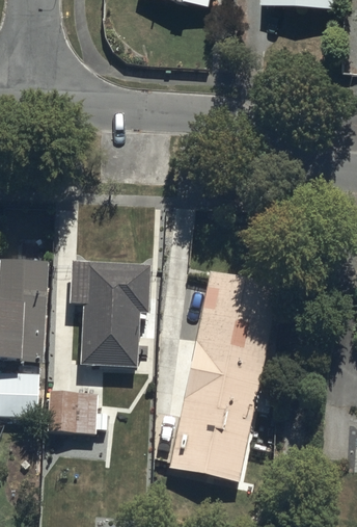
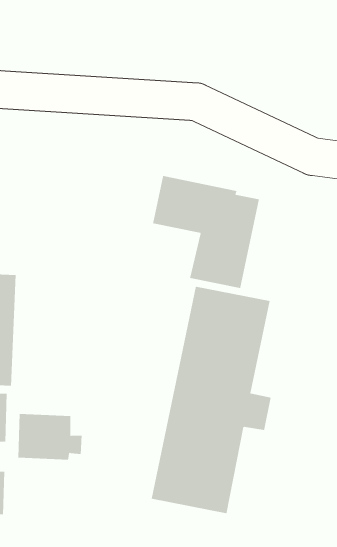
building: none -> [152,175,259,289]
building: [71,261,149,364] -> none

